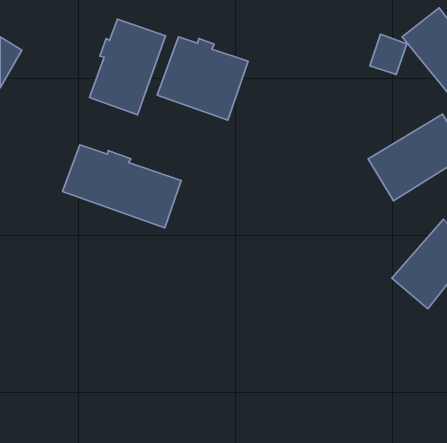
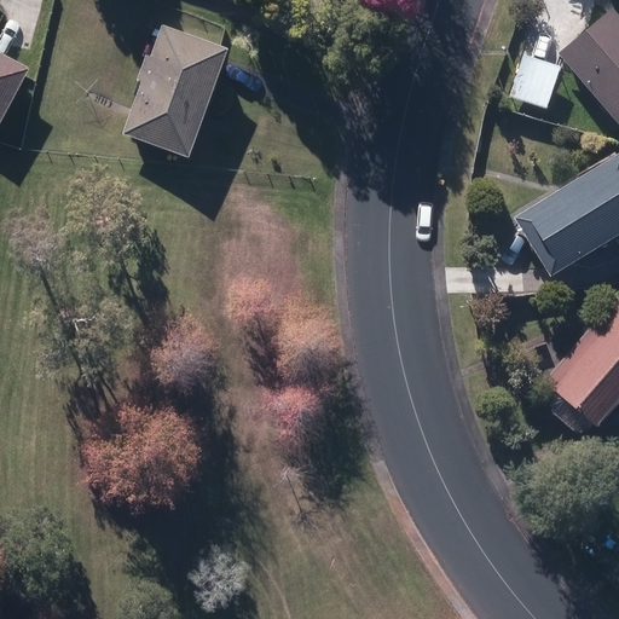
building: [157,37,248,120] -> none
building: [63,145,181,228] -> none

